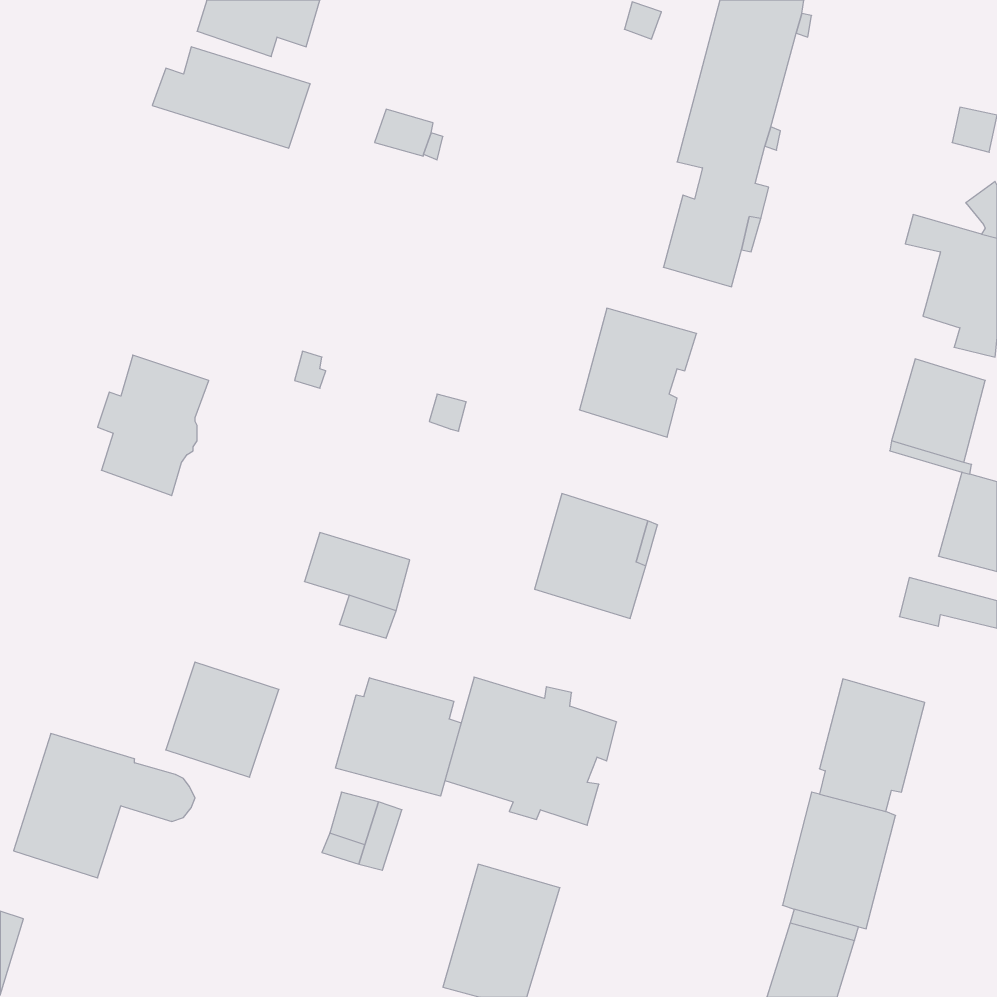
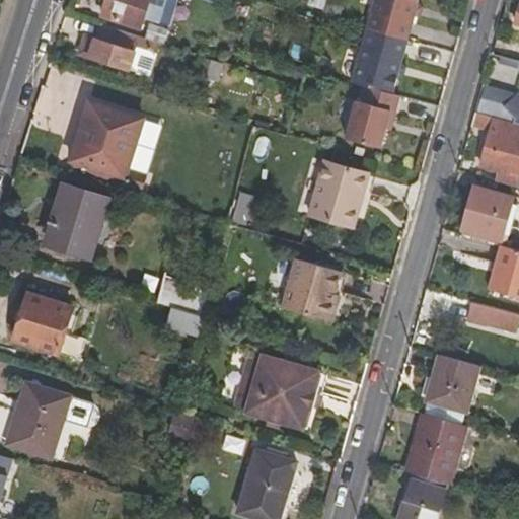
building: none -> [71,101,142,176]
building: [166,662,279,777] -> [15,293,74,353]
building: [336,678,461,796] -> none

